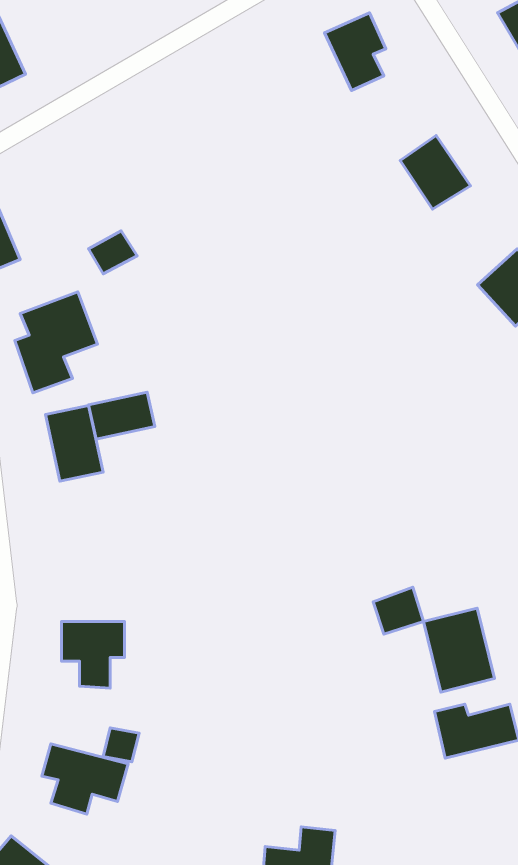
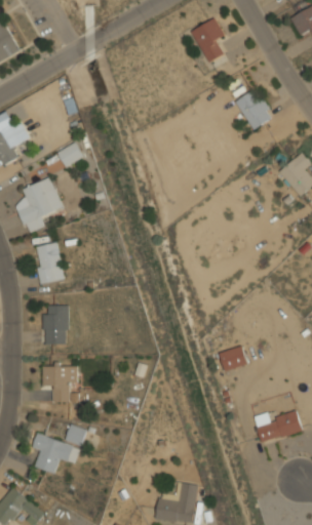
building: [89,392,155,439] -> none
building: none -> [42,306,68,345]
building: [424,608,495,692] -> none

